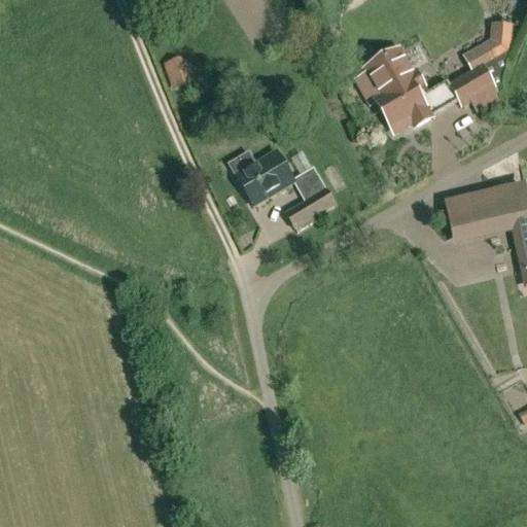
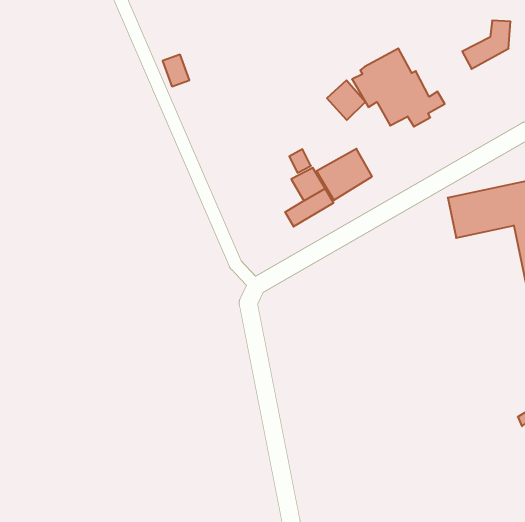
building: [451,66,493,104] -> none
building: none -> [327,80,365,120]
building: [237,151,292,203] -> [316,149,372,200]

